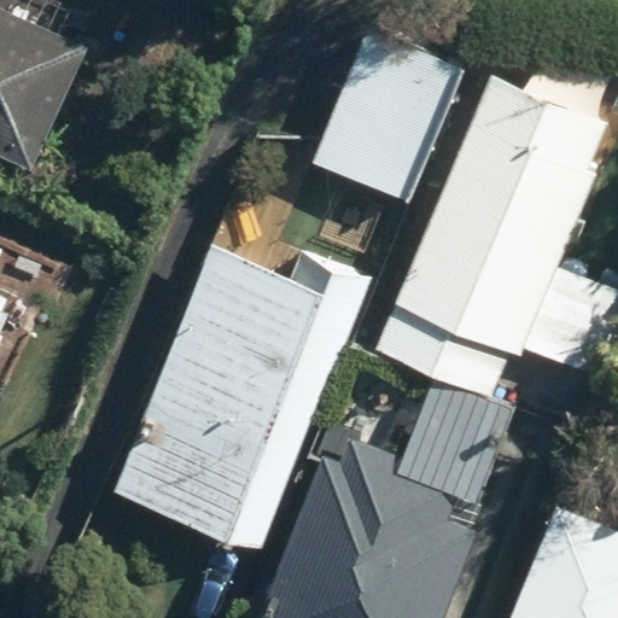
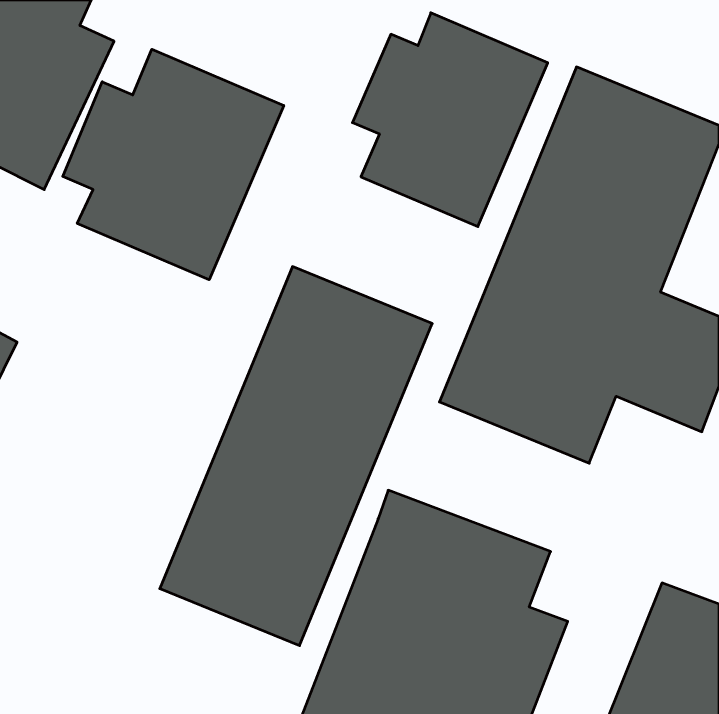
building: none -> [63,49,284,280]

